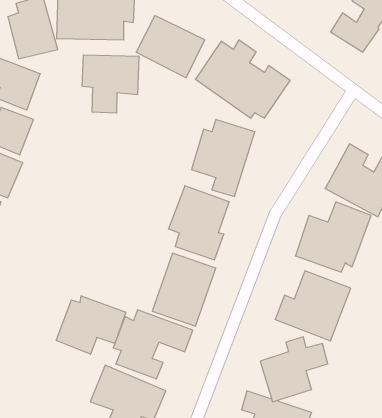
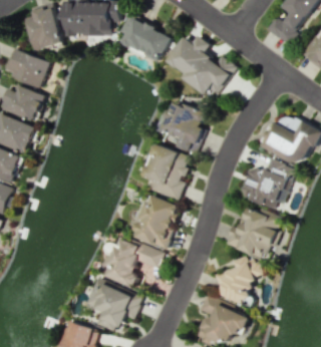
building: [82,55,139,113] -> none
building: [56,296,126,354] -> none

